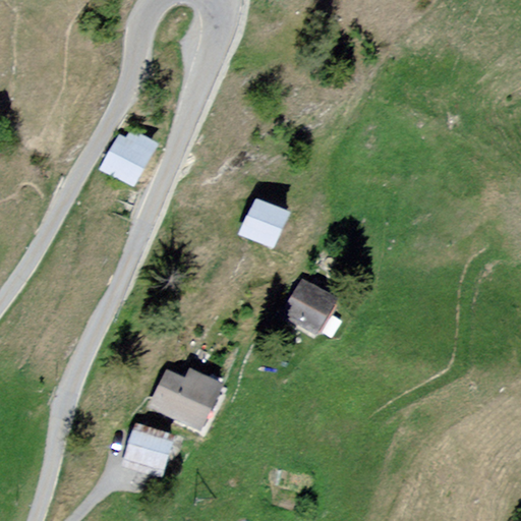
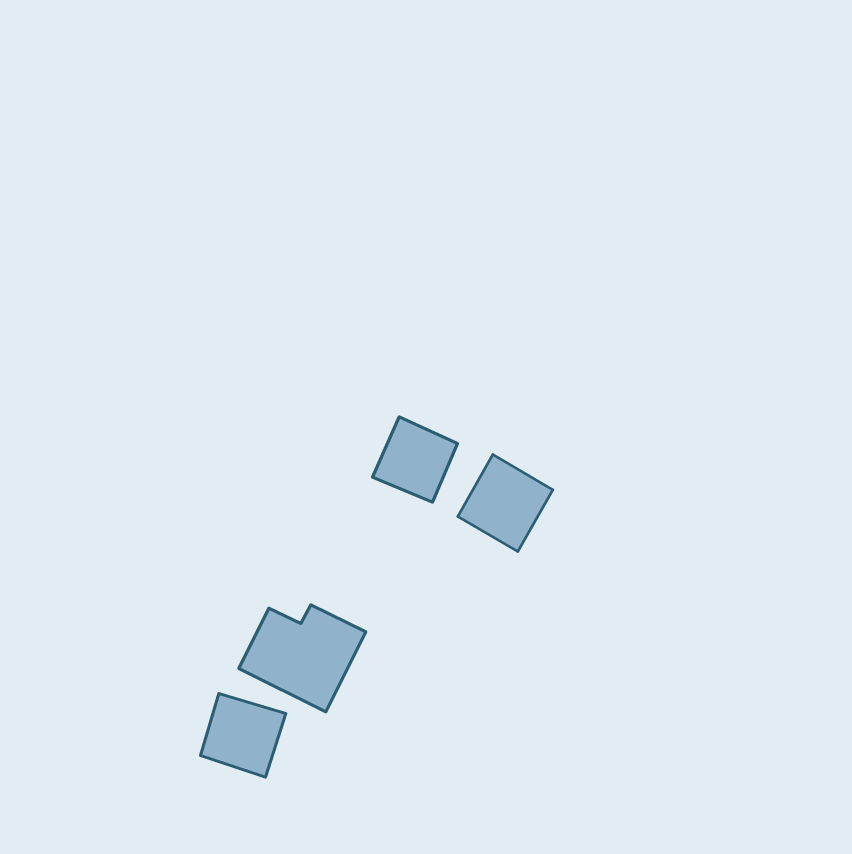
building: [99,126,159,188] -> none
building: [236,195,288,247] -> [372,417,458,502]

